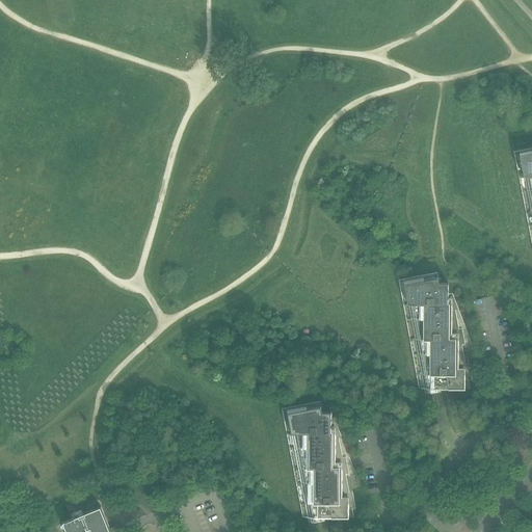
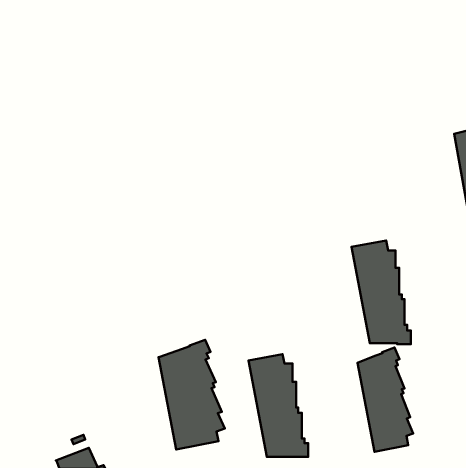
building: none -> [159,340,225,449]
building: none -> [357,347,413,452]

